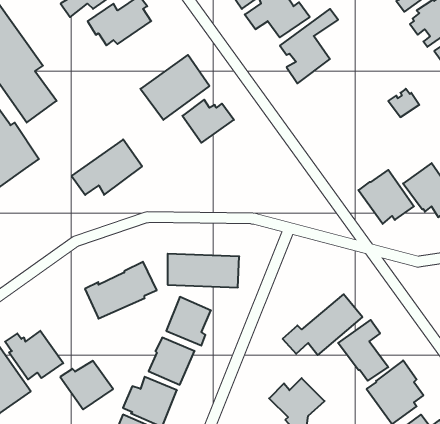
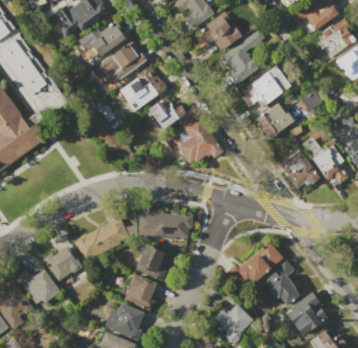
building: none -> [241,66,291,108]
building: none -> [256,102,295,141]
building: none -> [178,118,223,163]
building: [72,139,142,195] -> [96,38,148,79]
building: [60,361,113,409] -> [44,246,83,282]

